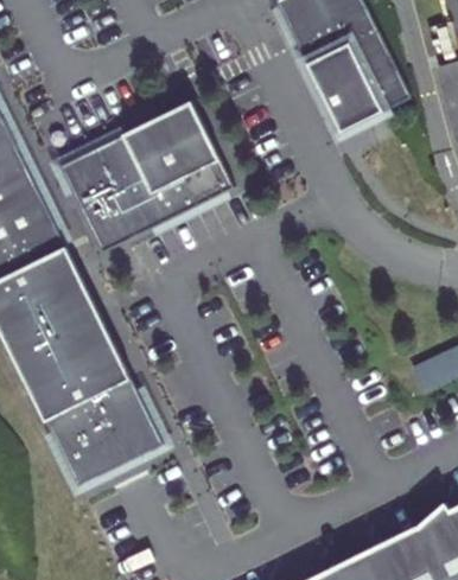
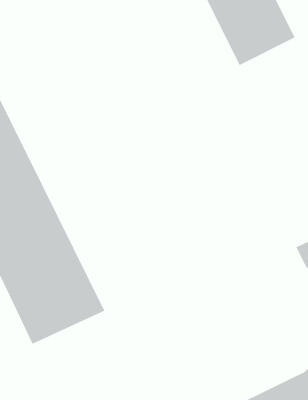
building: [58,97,231,249] -> none

